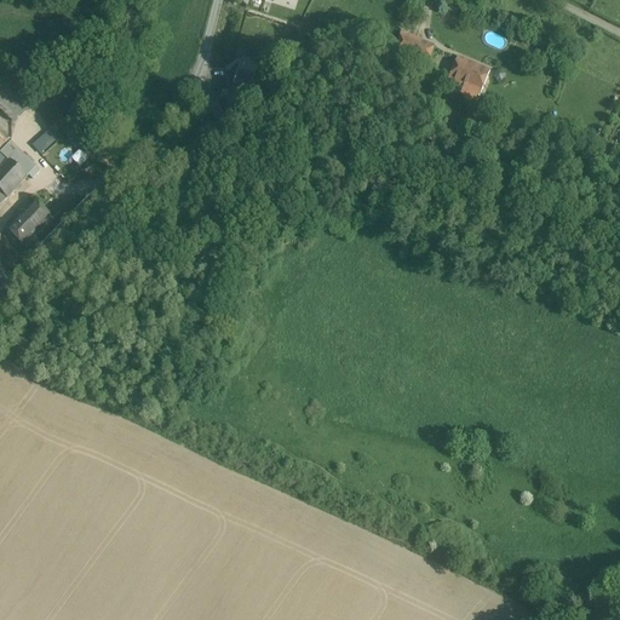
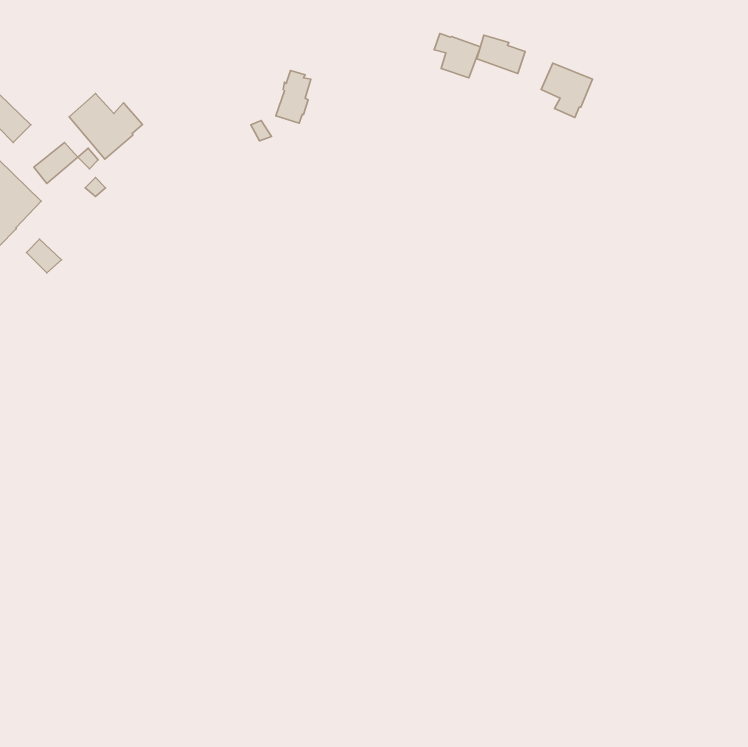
building: none -> [434,33,480,78]
building: none -> [69,93,142,159]
building: [5,208,39,242] -> none

